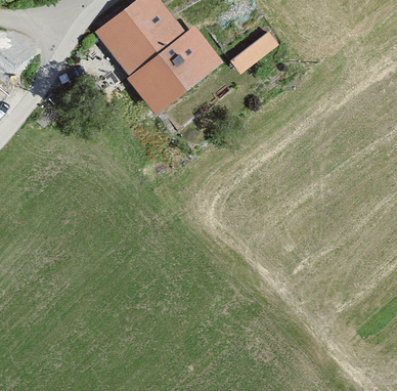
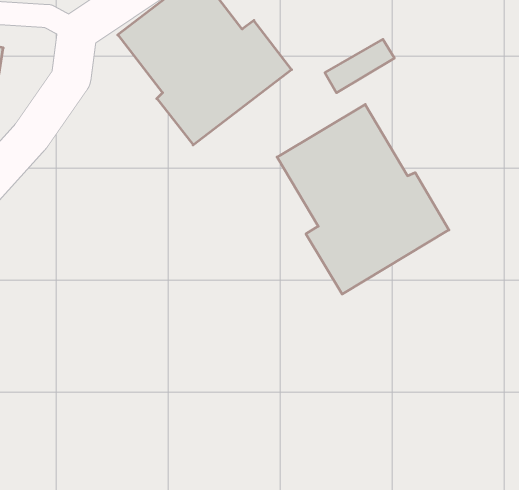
building: none -> [277,104,449,294]

